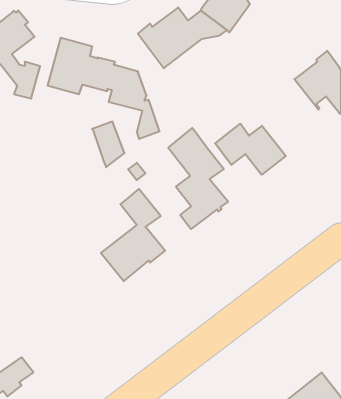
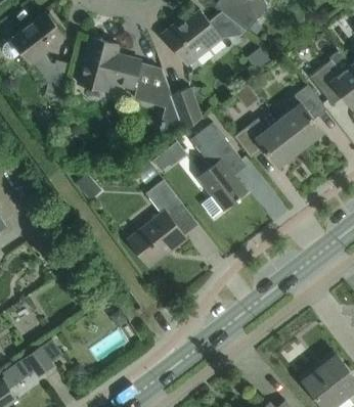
building: none -> [278,85,326,149]
building: [92,122,125,167] -> [171,88,202,131]

